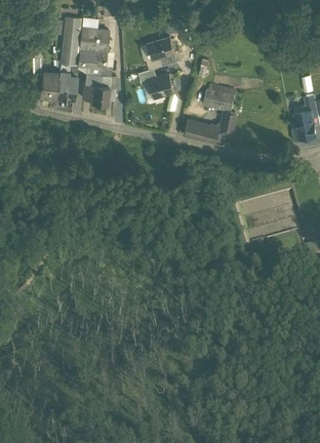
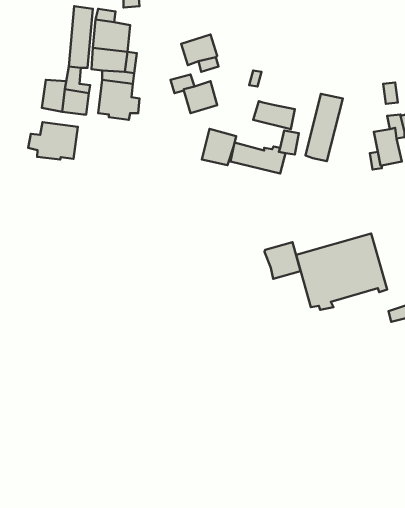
building: none -> [305,94,343,161]
building: none -> [28,122,78,160]
building: none -> [202,129,236,165]
building: none -> [265,242,301,279]

